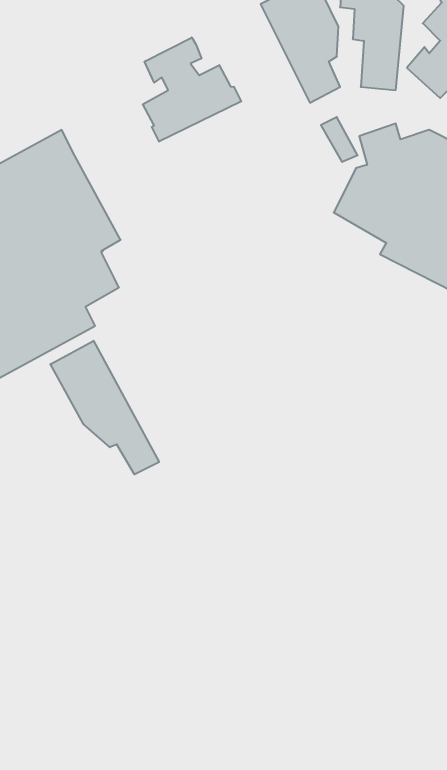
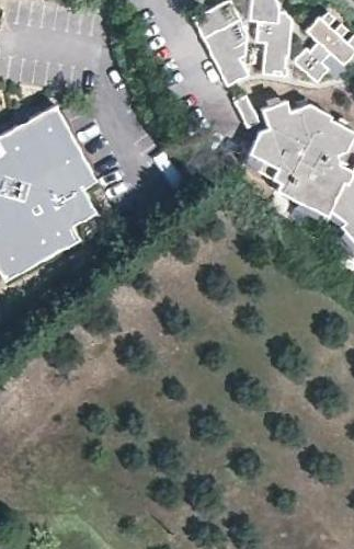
building: [143,37,241,142] -> none
building: [50,341,159,474] -> none

